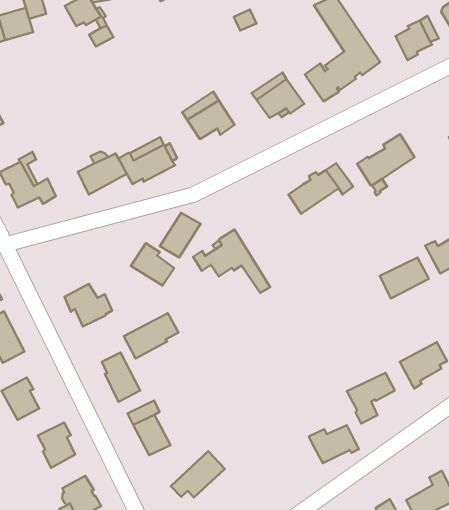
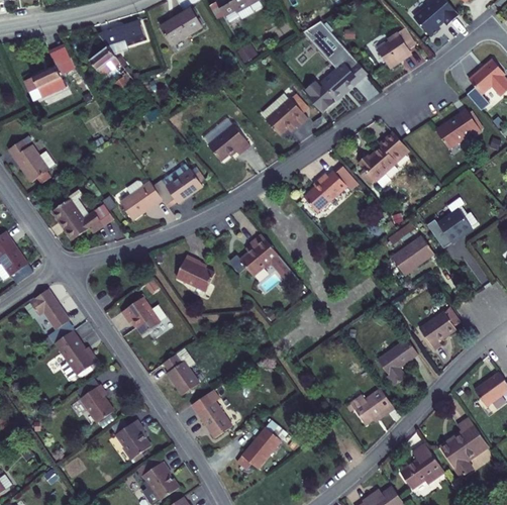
building: [160,213,201,257] -> none
building: [124,313,178,359] -> none

